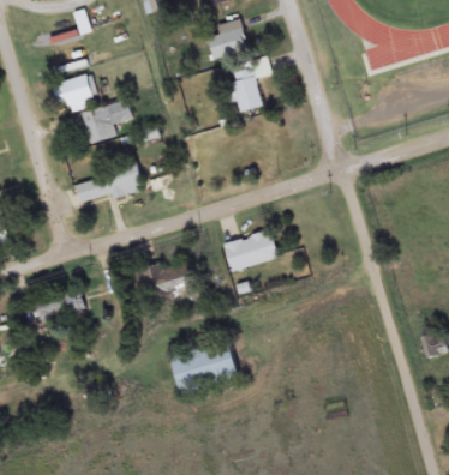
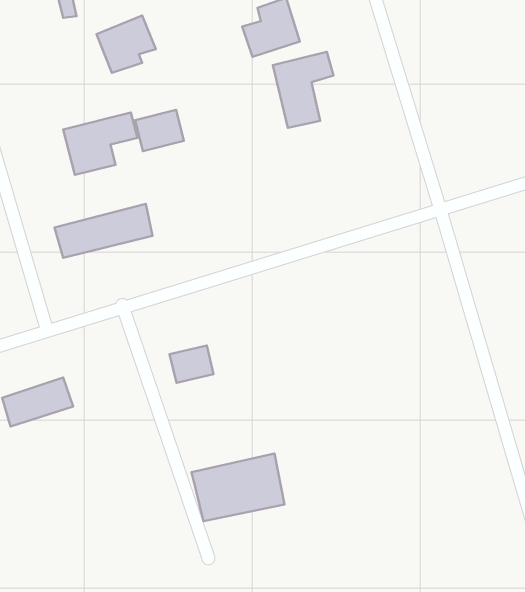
building: [55,72,97,113] -> [97,15,156,73]
building: none -> [135,110,184,151]
building: [222,229,279,271] -> none

